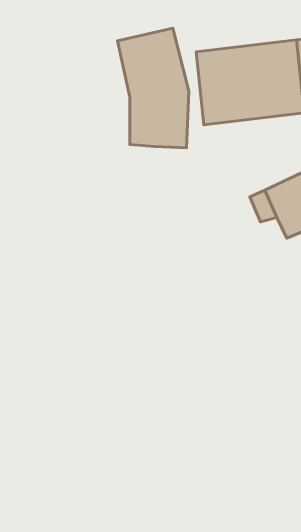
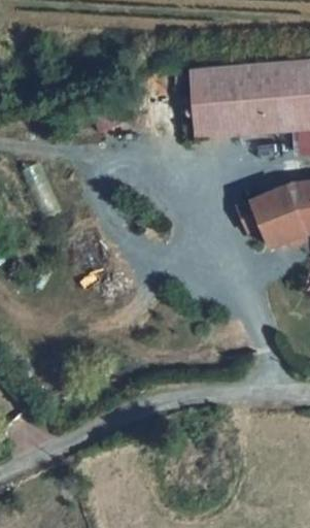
building: [117,28,189,148] -> none

